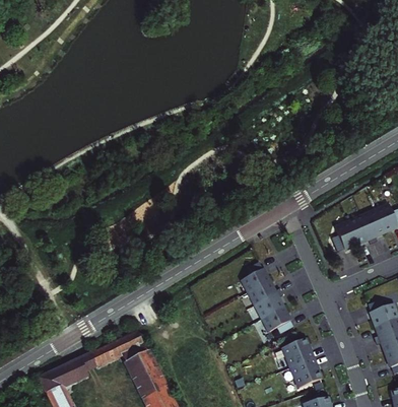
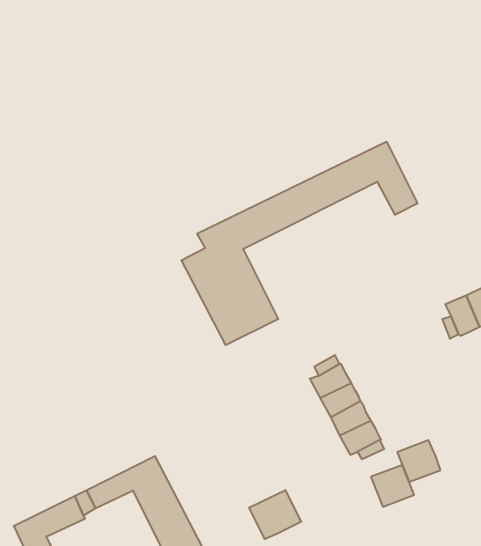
building: none -> [181,142,417,345]
building: none -> [249,490,301,539]
building: [292,357,322,386] -> [397,440,440,482]

